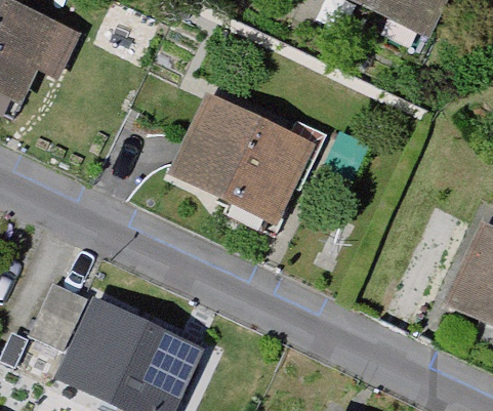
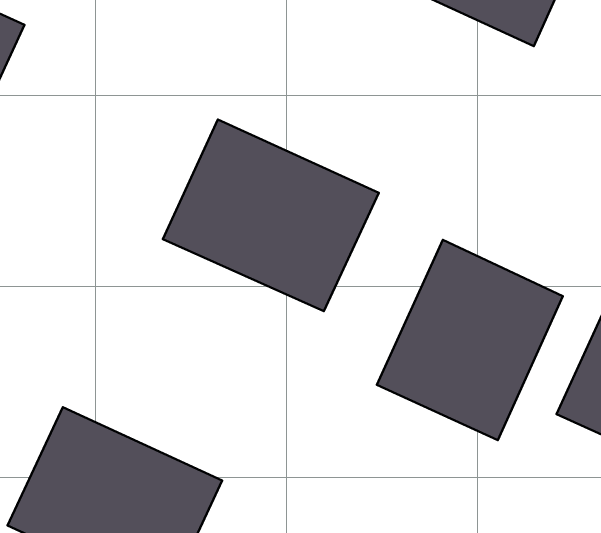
building: none -> [377,240,563,440]

